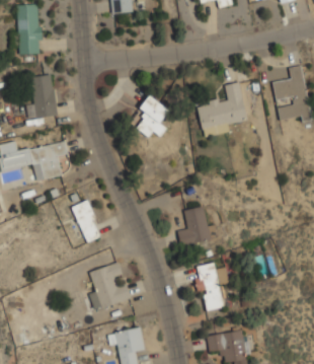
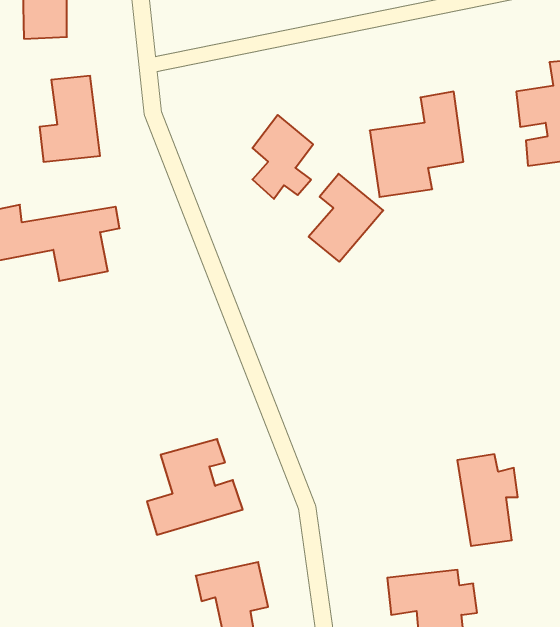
building: none -> [309,174,383,262]
building: [70,200,104,243] -> none
building: [178,206,216,245] -> none
building: [194,264,226,311] -> [457,454,518,546]

